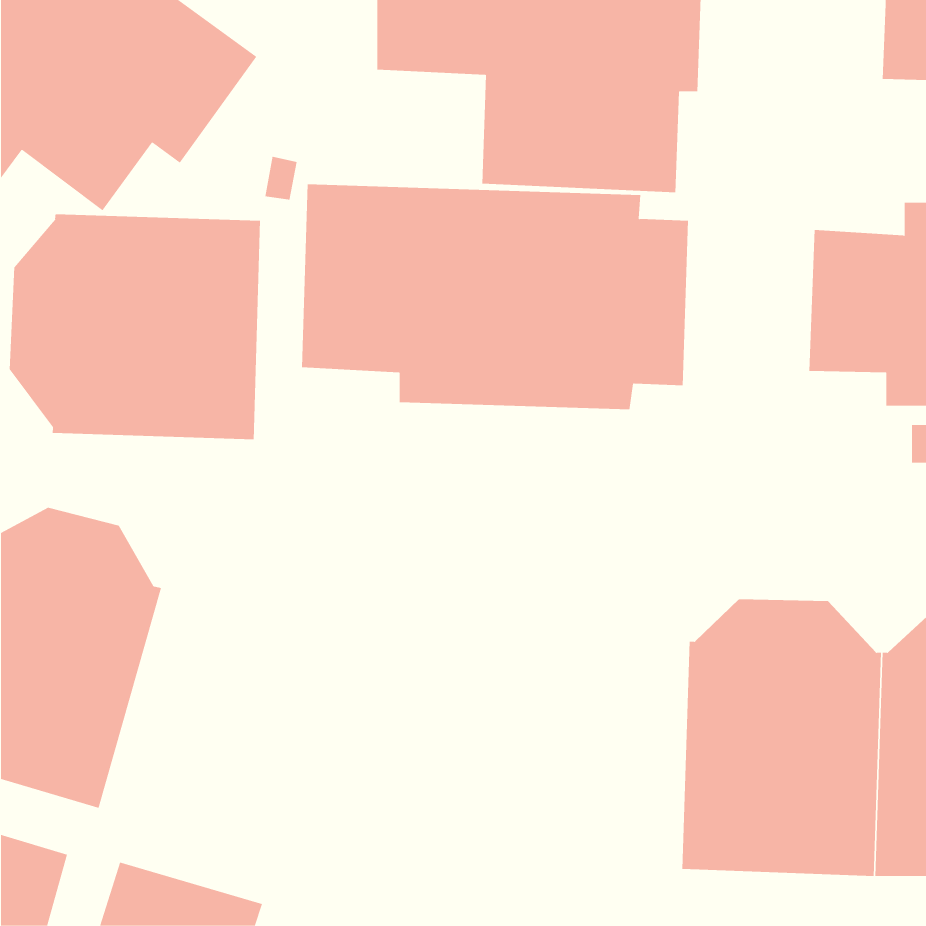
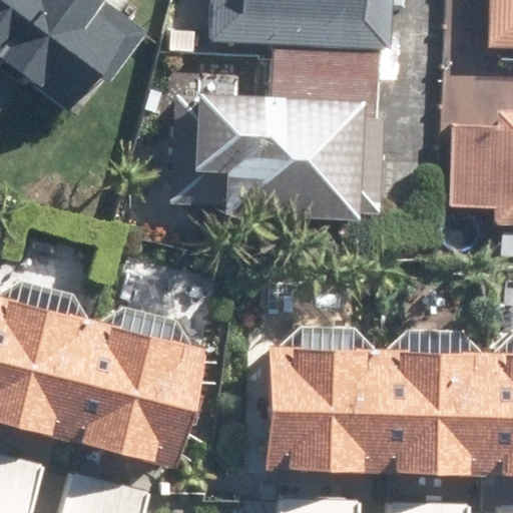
building: [9,213,260,440] -> none
building: none -> [61,304,200,469]
building: none -> [264,326,383,474]

